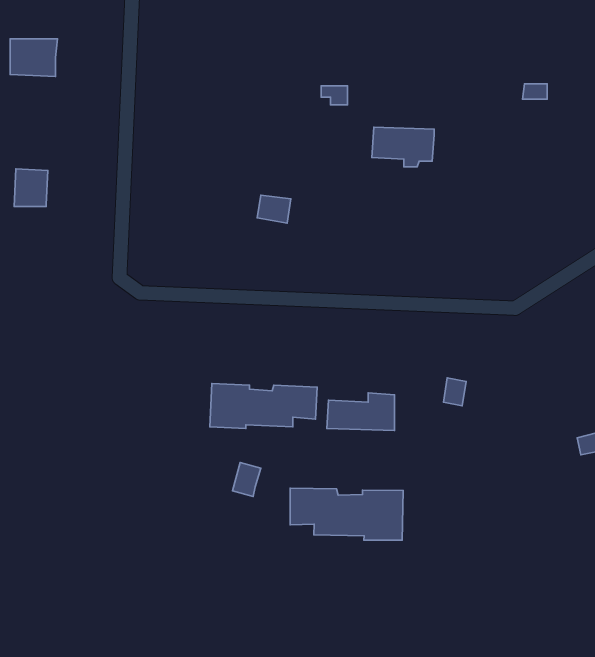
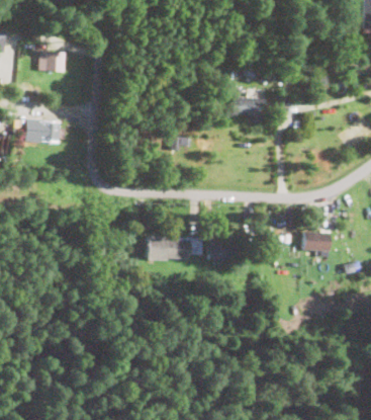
building: none -> [304,231,332,251]
building: [290,488,403,540] -> none

